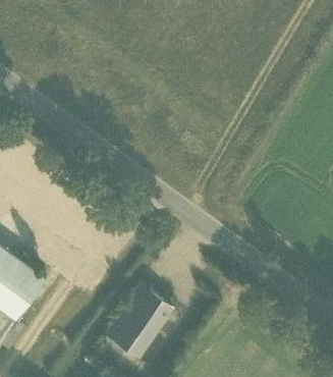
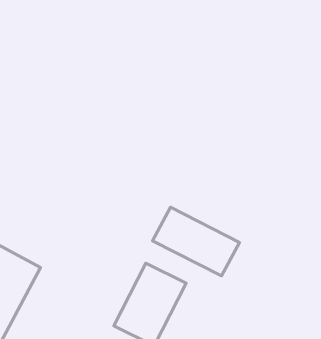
building: none -> [153,207,239,276]

